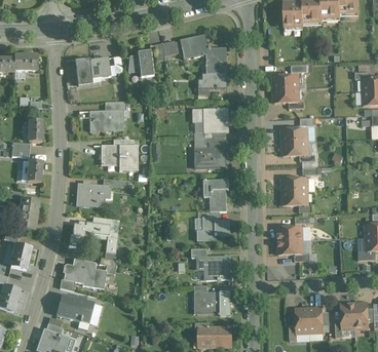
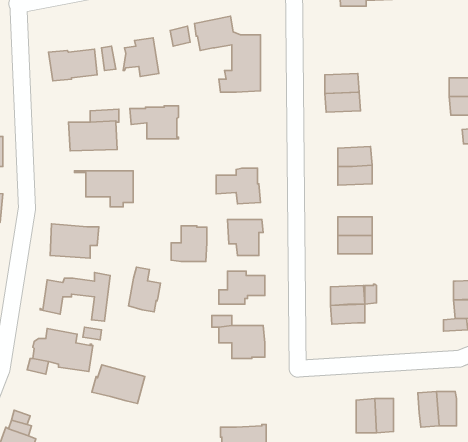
building: [192,108,227,131] -> [130,106,178,139]
building: none -> [171,226,207,262]
building: none -> [128,267,160,312]
building: [196,291,229,315] -> none
building: [55,295,93,322] -> [92,365,145,404]

